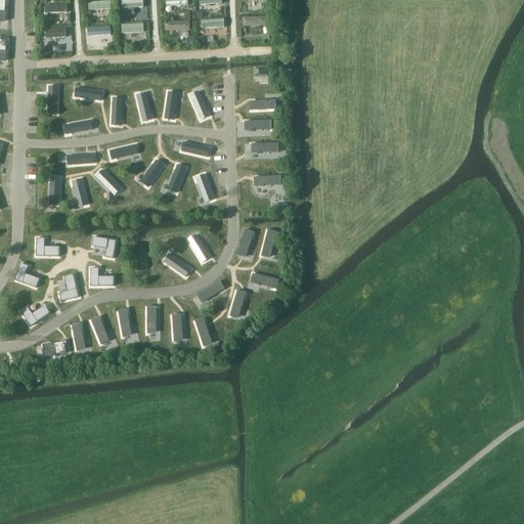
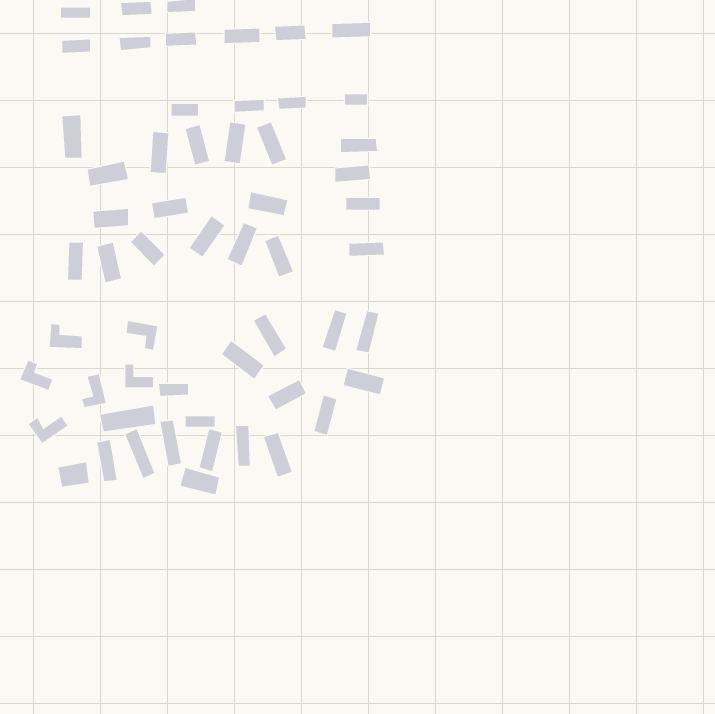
building: [74,85,104,103] -> none
building: none -> [100,405,156,432]
building: none -> [180,467,220,495]

